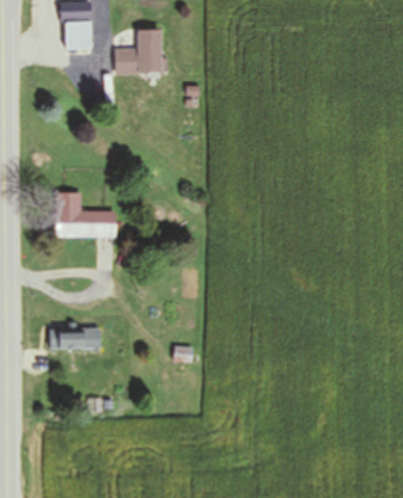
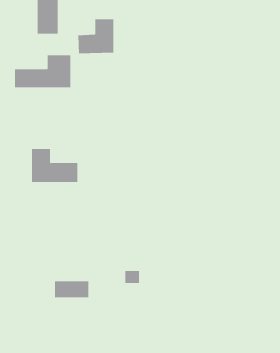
building: none -> [14,54,71,88]
building: [56,330,100,351] -> [54,281,89,298]

